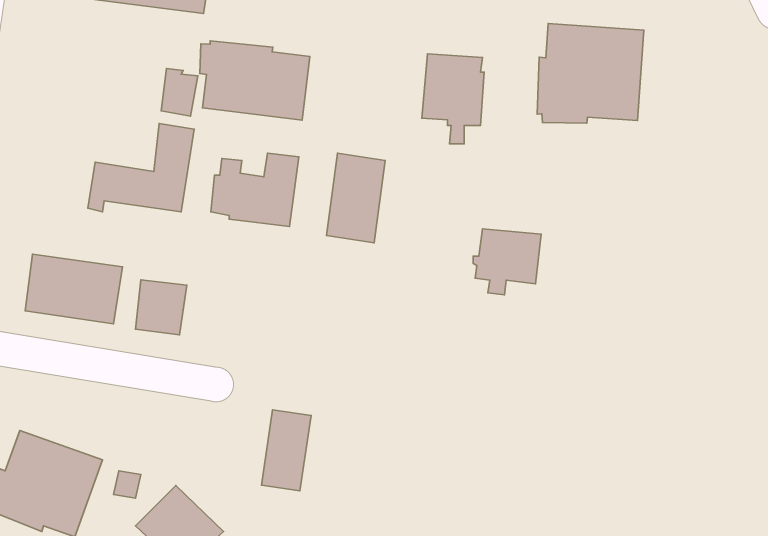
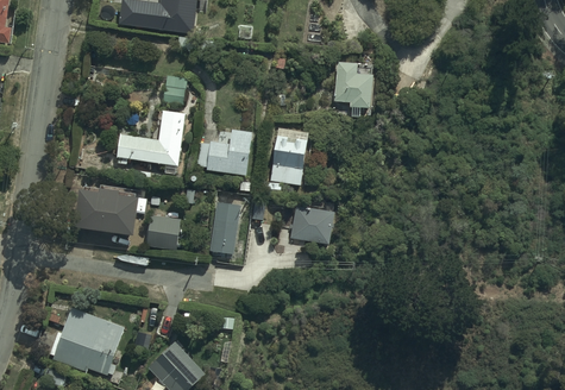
building: [537,24,644,123] -> none
building: [200,41,310,120] -> none
building: [473,229,541,295] -> [288,205,332,247]
building: [261,410,311,491] -> [209,201,241,253]

